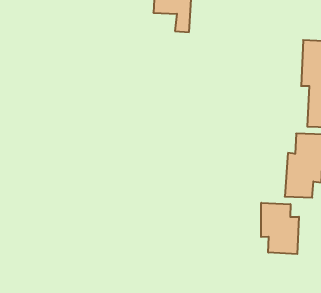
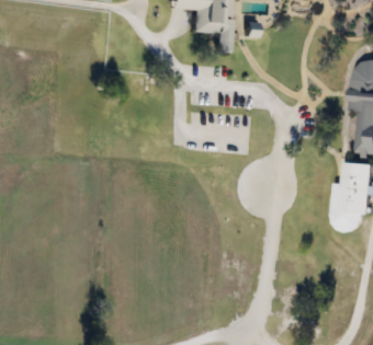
building: [261,203,299,254] -> none

